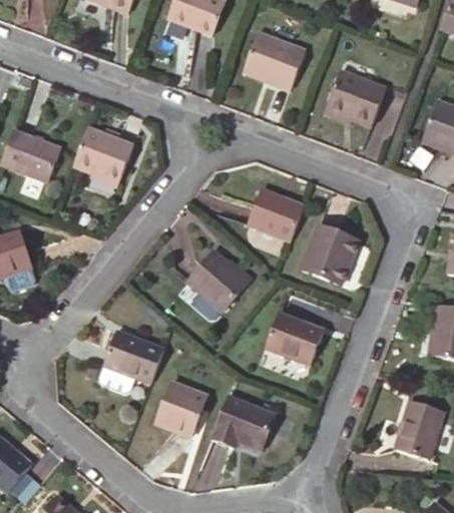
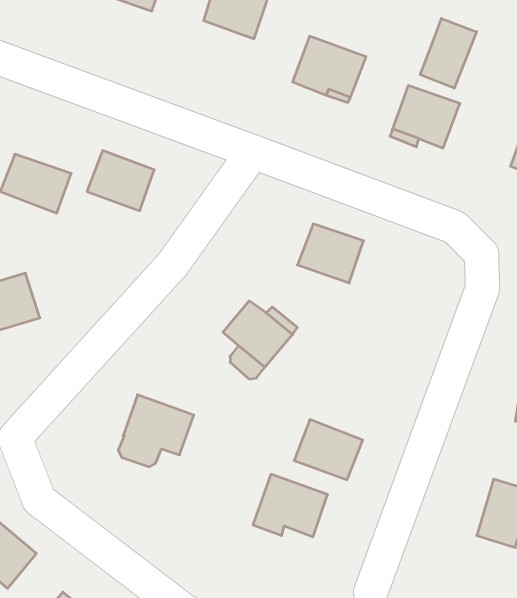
building: none -> [420,18,477,88]
building: [303,222,358,282] -> none
building: [267,313,324,363] -> [294,420,363,480]
building: [156,384,204,437] -> none

